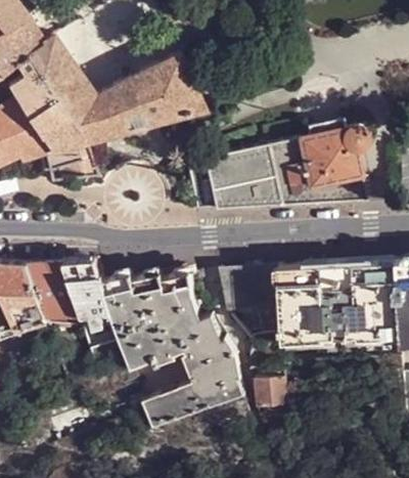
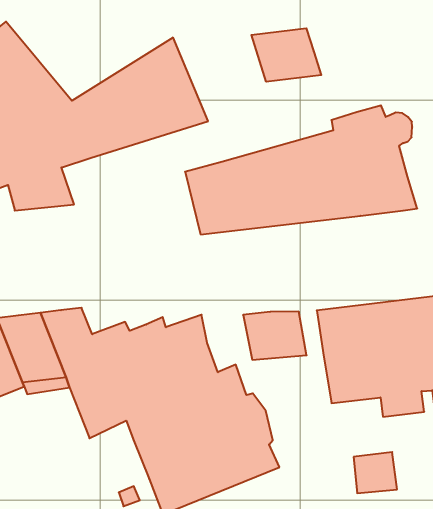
building: none -> [251,28,321,82]
building: [254,374,286,404] -> [354,452,397,493]

